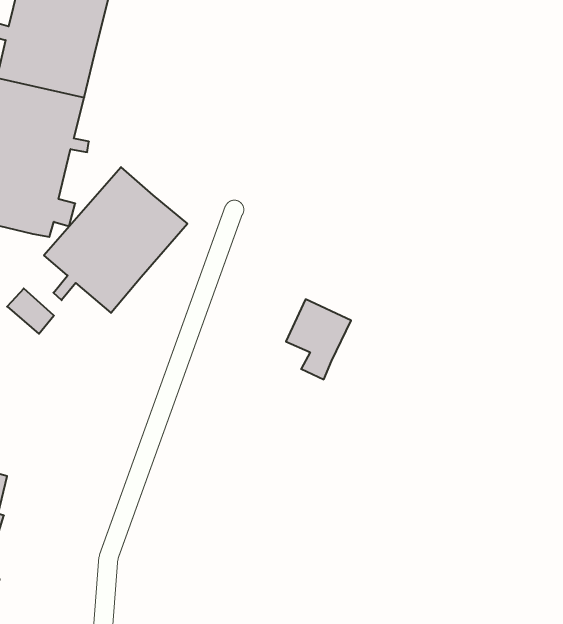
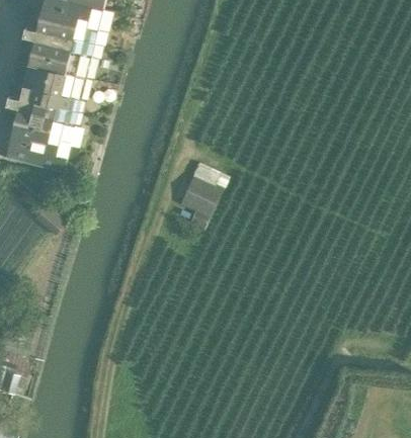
building: [44,167,187,313] -> none
building: [286,299,351,379] -> [178,176,222,230]

